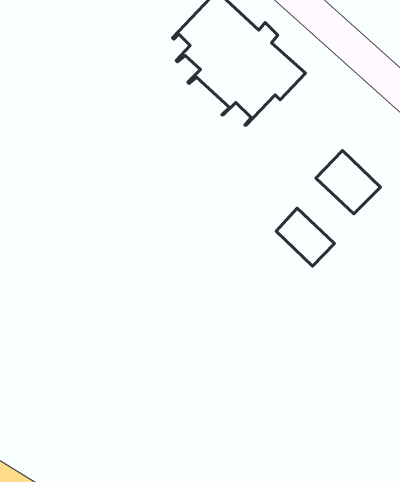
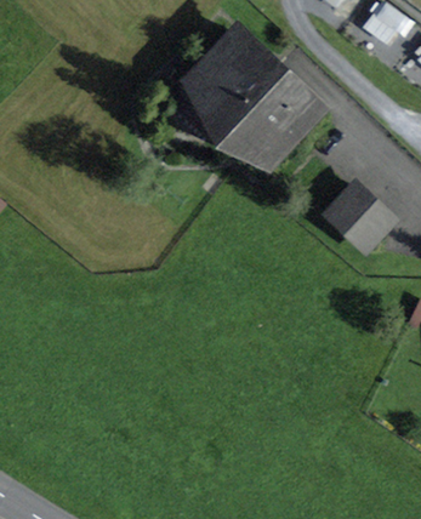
building: [276,208,334,266] -> none

